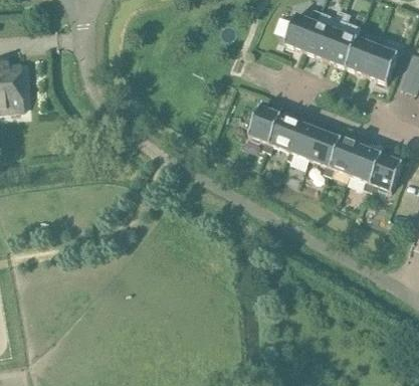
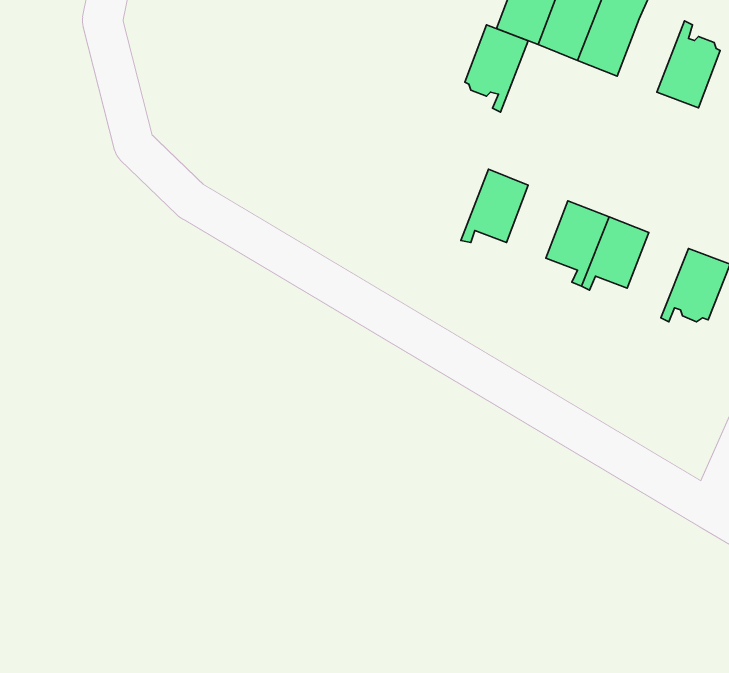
building: [346,36,380,74] -> none
building: [248,106,280,150] -> [465,25,528,112]
building: [286,122,321,159] -> none
building: [351,146,382,189] -> none

